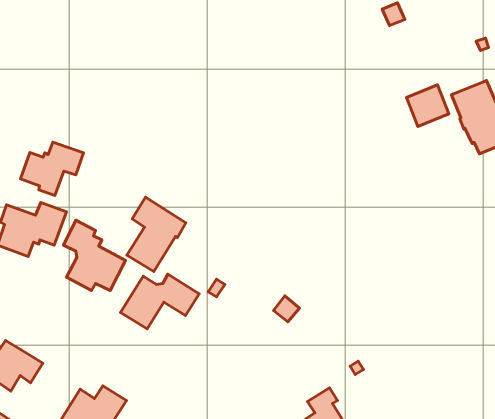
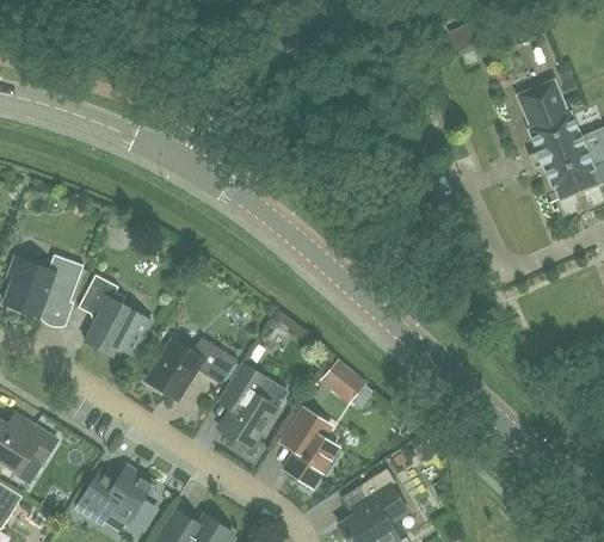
building: [407,85,449,126] -> [517,81,566,129]
building: [21,142,84,196] -> none
building: [127,197,186,272] -> [220,362,288,448]
building: none -> [283,408,337,487]

